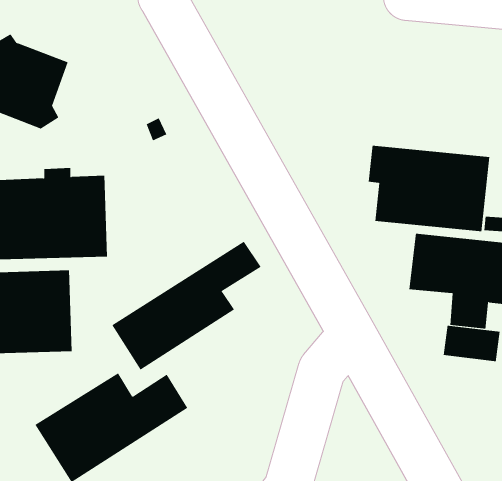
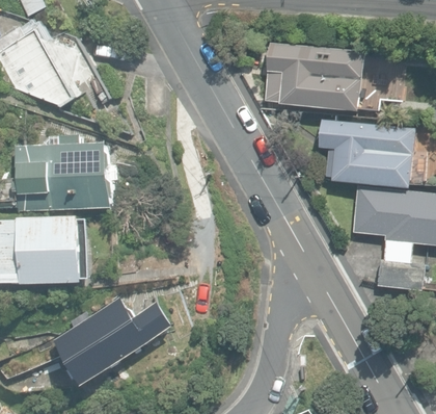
building: none -> [264,43,364,110]
building: [111,241,261,371] -> none

